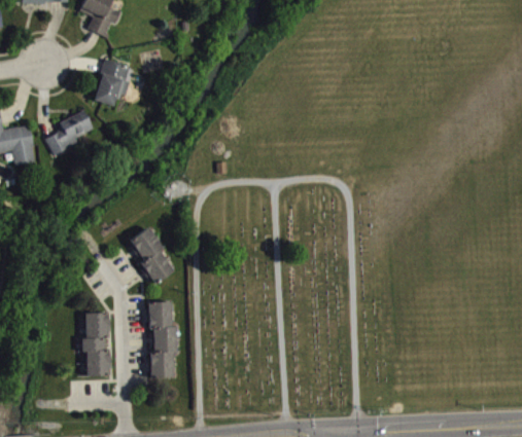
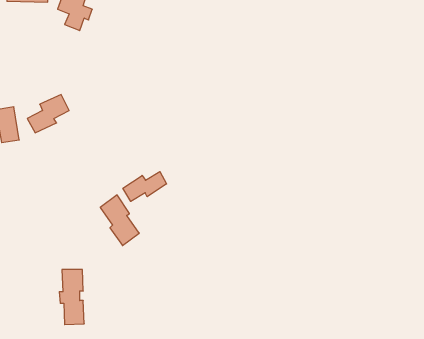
building: [93,60,130,107] -> none
building: none -> [123,172,167,201]
building: [149,302,177,378] -> none

